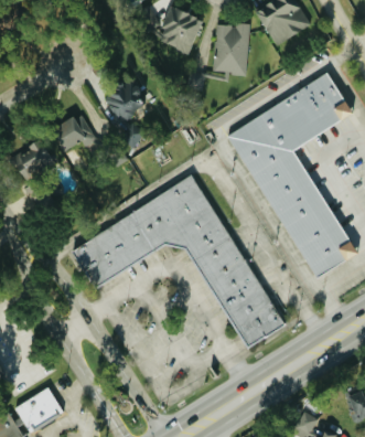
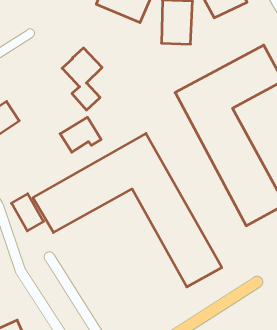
building: [50,113,96,152] -> [60,117,101,152]
building: none -> [11,194,44,231]

